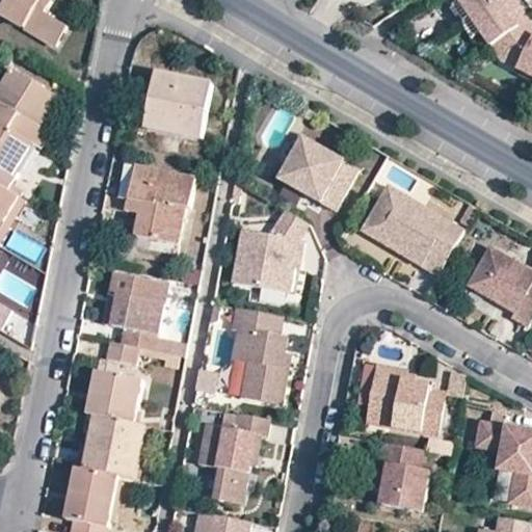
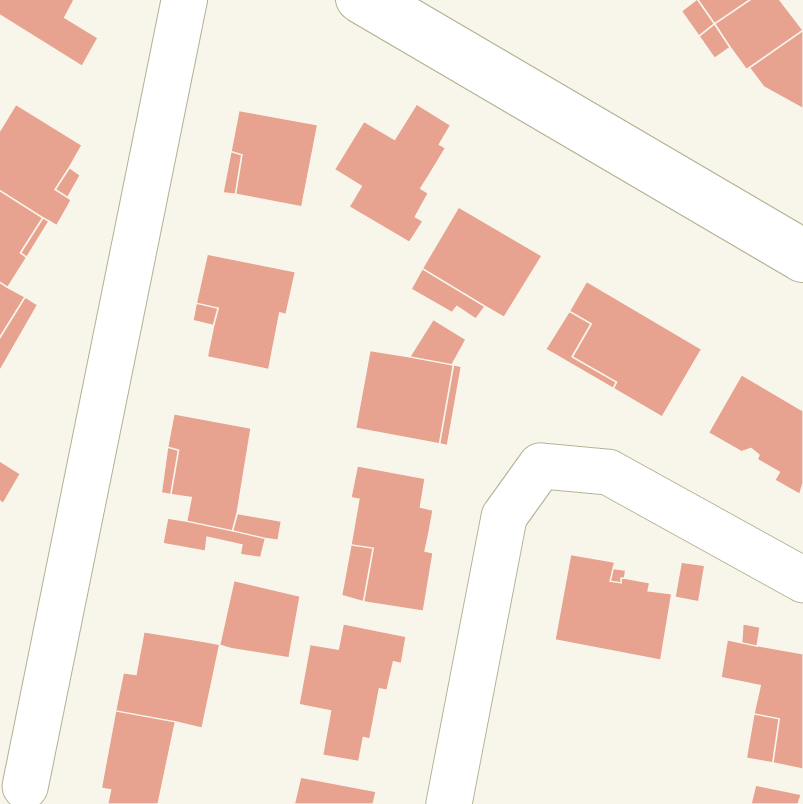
building: none -> [334,104,451,243]
building: [87,371,140,422] -> [220,581,300,658]
building: [375,442,427,510] -> none

